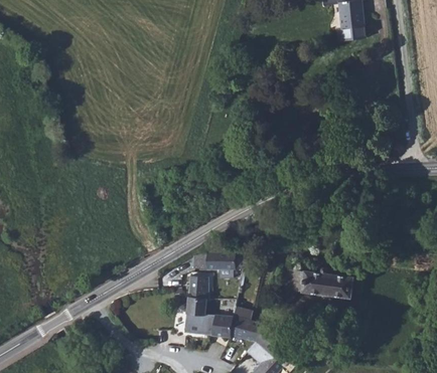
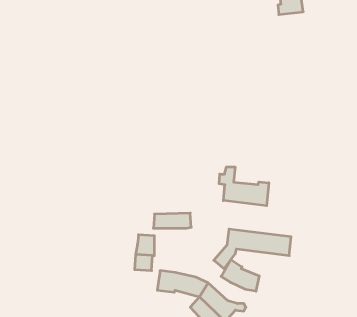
building: none -> [219,167,269,206]
building: none -> [221,260,259,291]
building: [185,313,213,335] -> none

